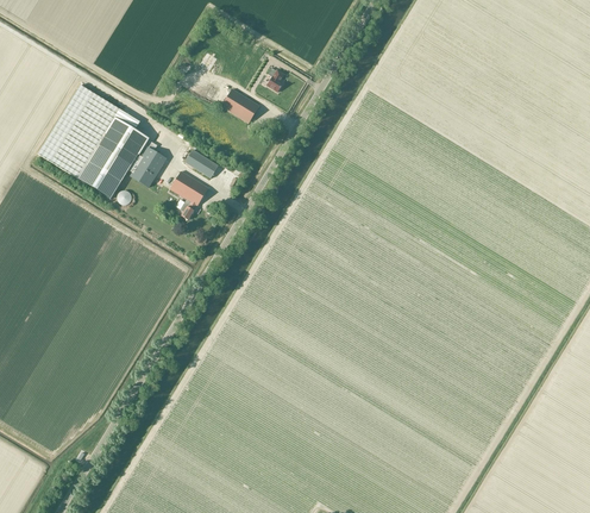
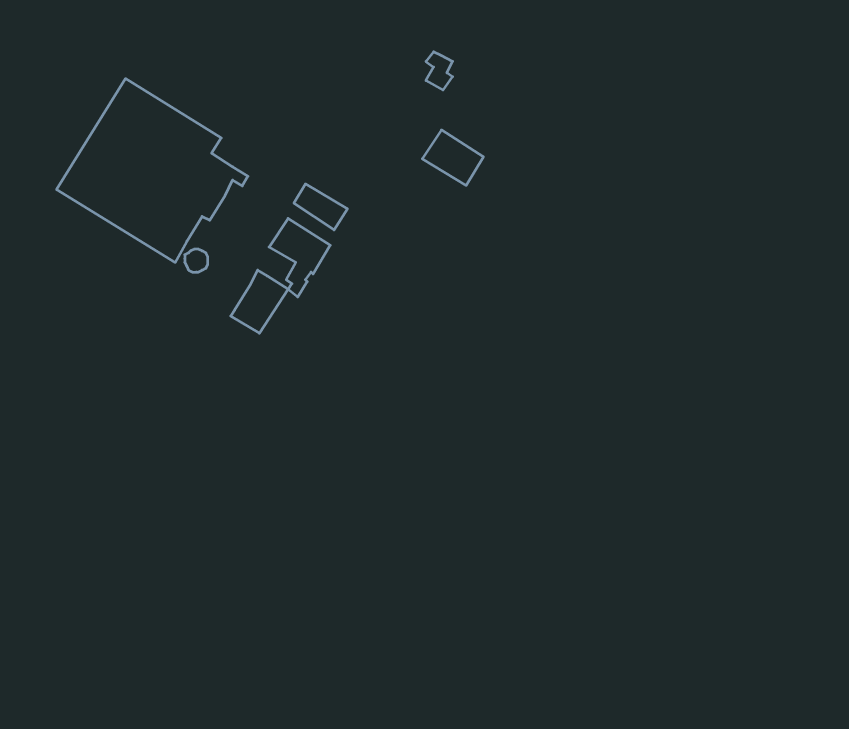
building: [221,89,259,124] -> [422,130,483,185]
building: [131,148,167,187] -> [231,270,288,333]

